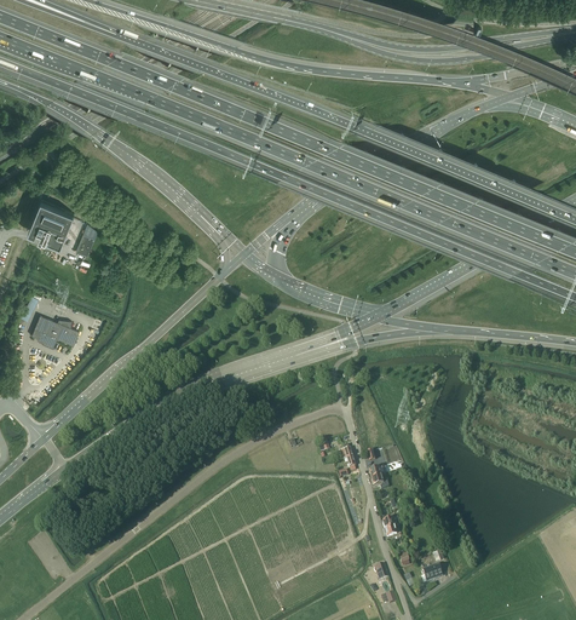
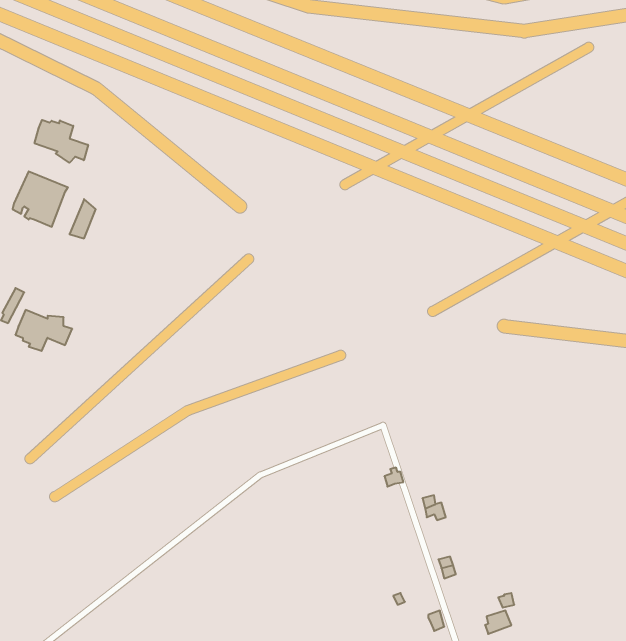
building: none -> [35,120,88,163]

